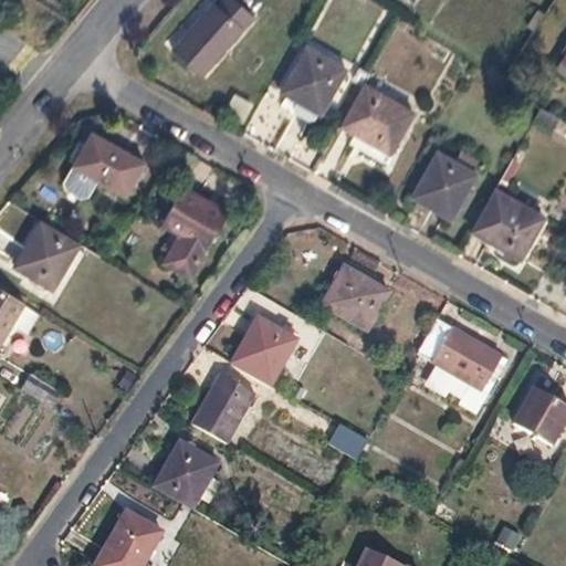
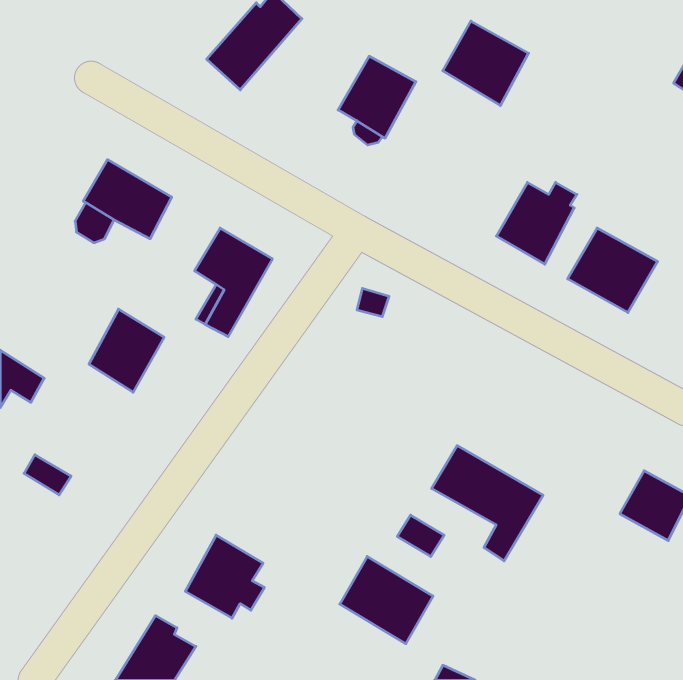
building: [340,83,411,153] -> [443,21,529,106]
building: [15,221,77,290] -> [89,309,164,392]
building: [323,266,389,331] -> none
building: [232,318,296,386] -> none
building: [417,318,509,413] -> [432,446,543,561]
building: [192,375,255,444] -> none
building: none -> [340,556,433,644]

